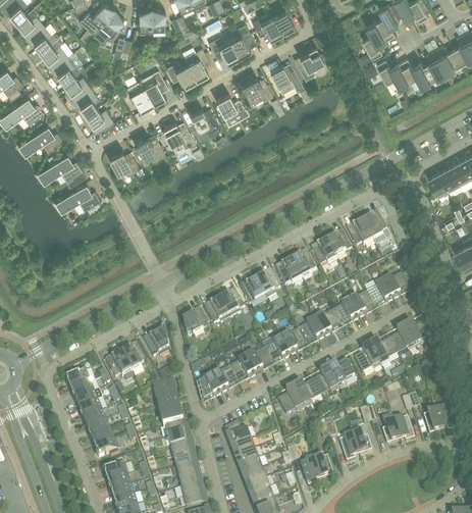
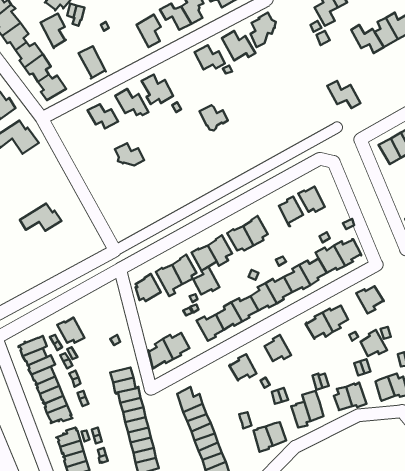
building: [163,56,195,85] -> none
building: [374,57,408,85] -> [327,81,361,108]
building: [139,68,164,103] -> [41,14,66,48]
building: [214,92,243,117] -> [199,105,228,131]
building: [108,150,138,172] -> [115,143,144,165]
building: [57,182,99,209] -> [20,203,62,231]
building: [361,209,385,239] -> none
building: [309,238,335,263] -> none
building: [387,325,414,352] -> [361,330,387,356]
building: [142,329,168,355] -> none
building: [119,341,145,370] -> none
building: [227,353,254,380] -> [193,267,220,294]
building: [326,359,354,388] -> none
building: [293,378,319,406] -> none
building: [151,379,176,405] -> none

